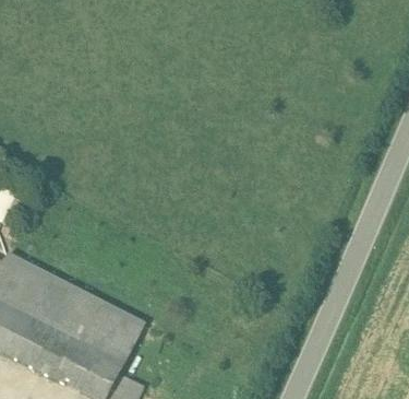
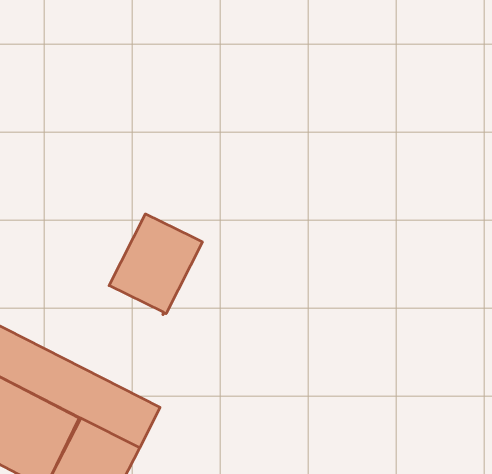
building: none -> [109,214,202,315]

